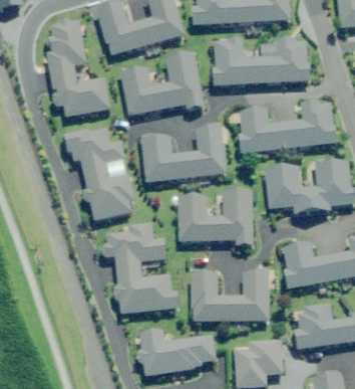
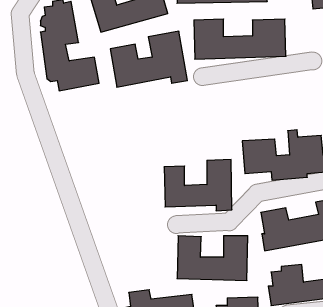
building: [238,100,338,154] -> none
building: [142,126,224,183] -> none
building: [66,128,135,221] -> none
building: [101,222,181,315] -> none

